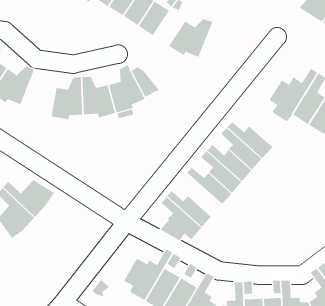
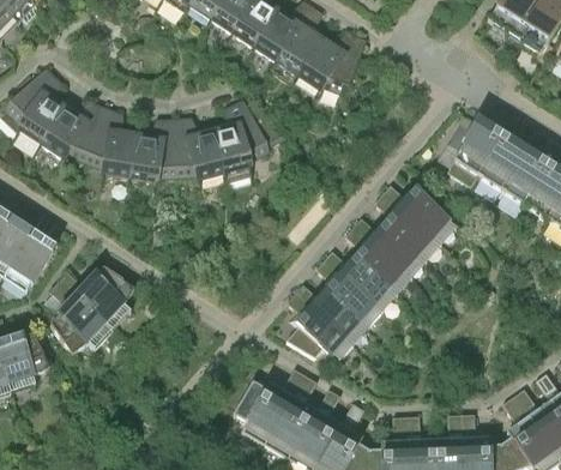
building: none -> [271,24,321,83]
building: none -> [85,108,135,176]
building: none -> [315,258,375,321]

